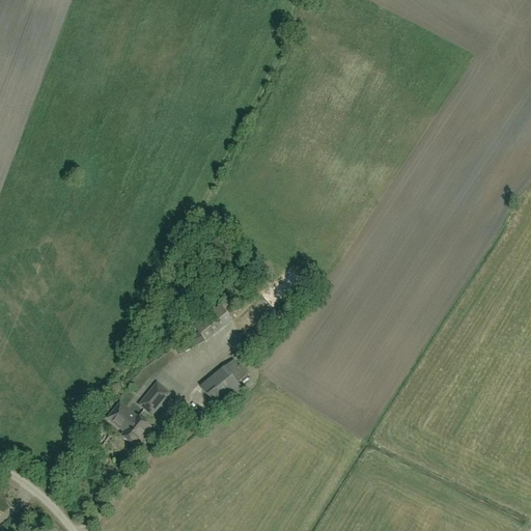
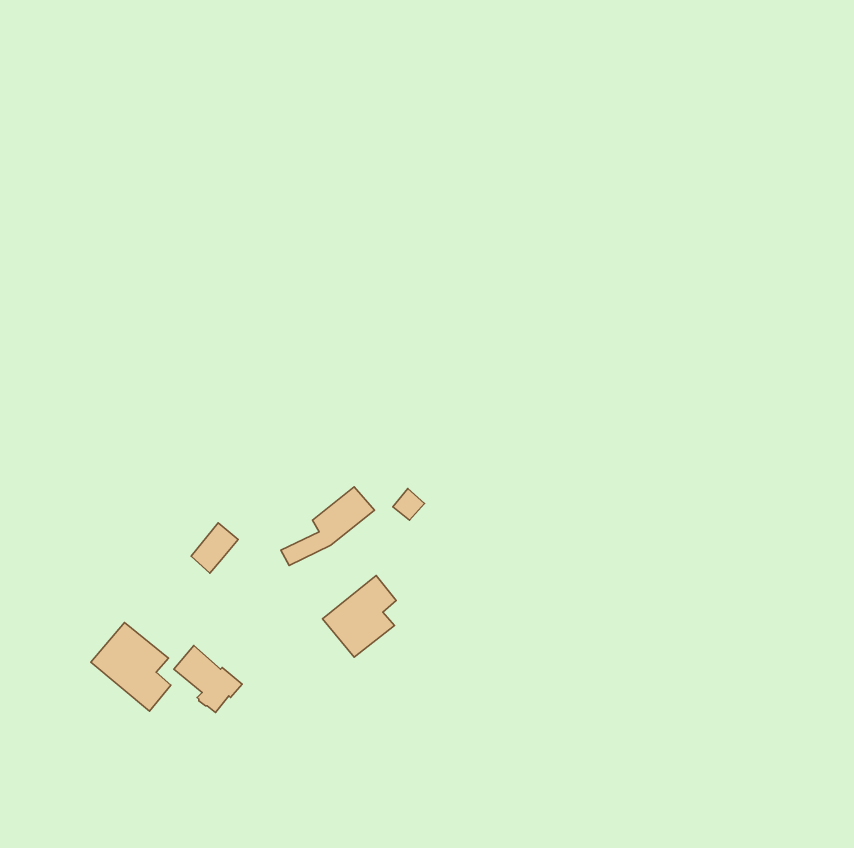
building: [140,381,169,412] -> [191,523,238,573]
building: none -> [91,622,171,711]

